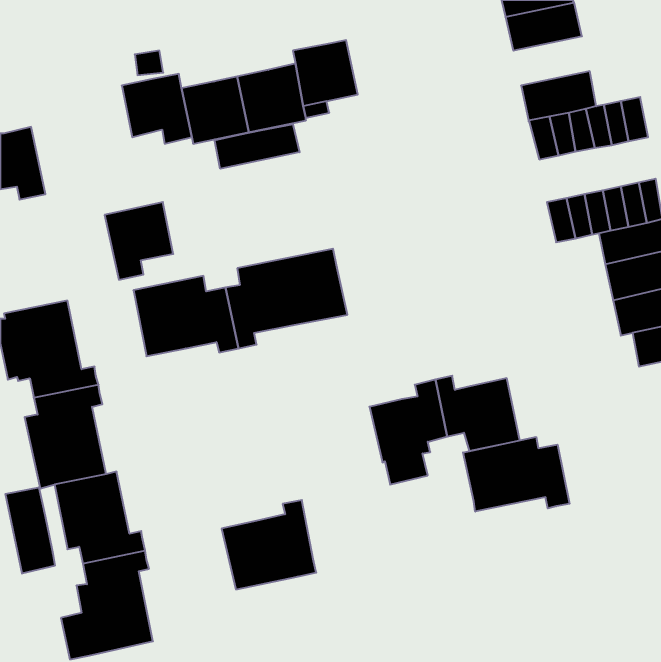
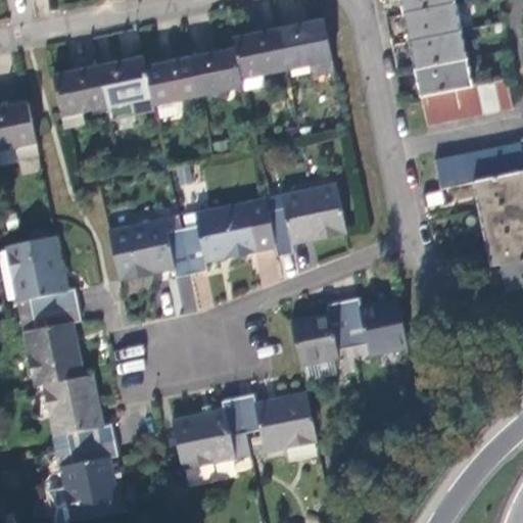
building: none -> [274,21,331,80]
building: none -> [406,29,466,67]
building: [214,124,300,169] -> none
building: [105,202,173,280] -> [51,67,105,129]
building: none -> [267,181,345,256]
building: [463,437,570,512] -> none
building: [5,487,55,574] -> none
building: none -> [239,387,318,447]

